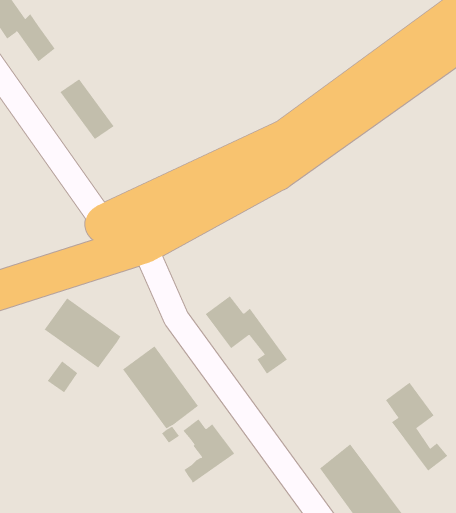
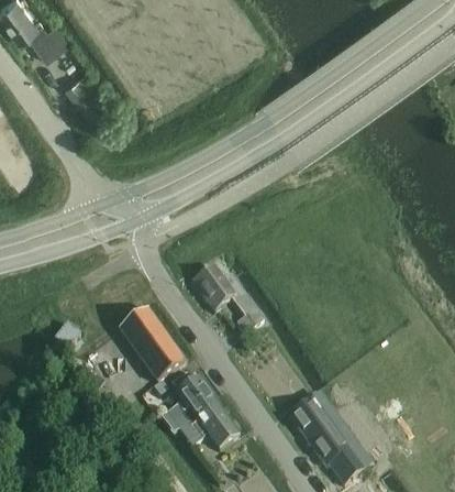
building: [44,297,121,369] -> none
building: [385,382,448,471] -> none
building: none -> [180,401,238,445]

